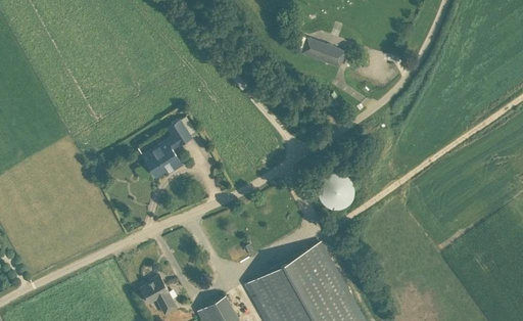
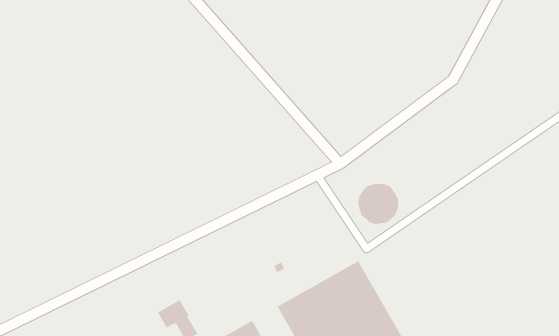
building: [301,39,345,68] -> none
building: [143,121,191,178] -> none

